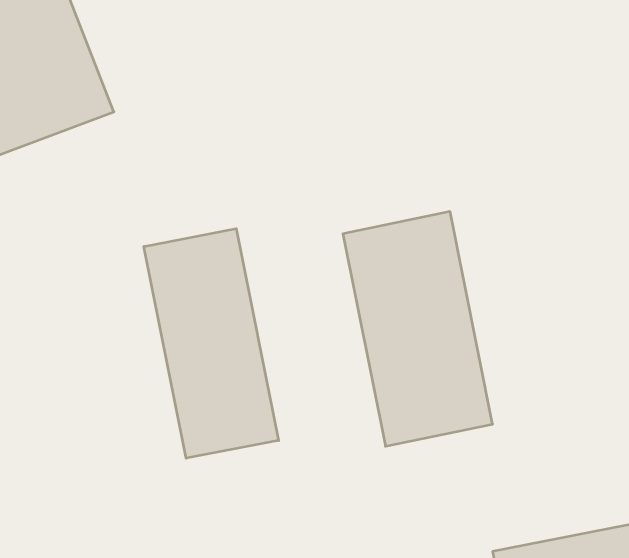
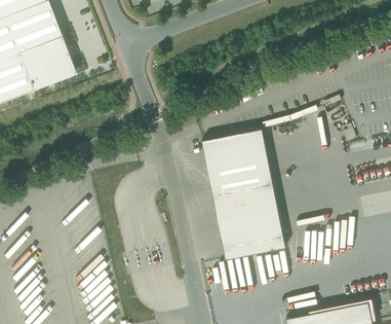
building: [144,229,279,458] -> none

